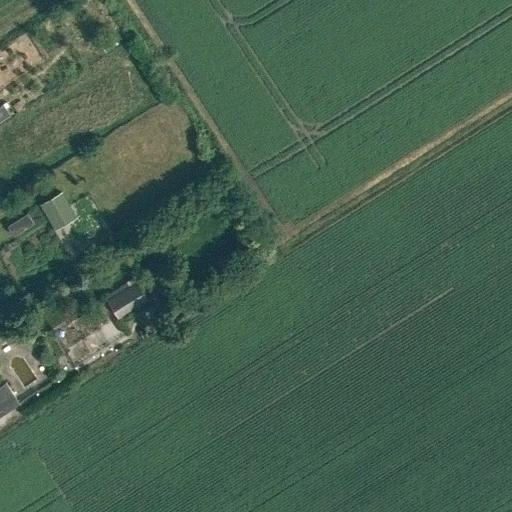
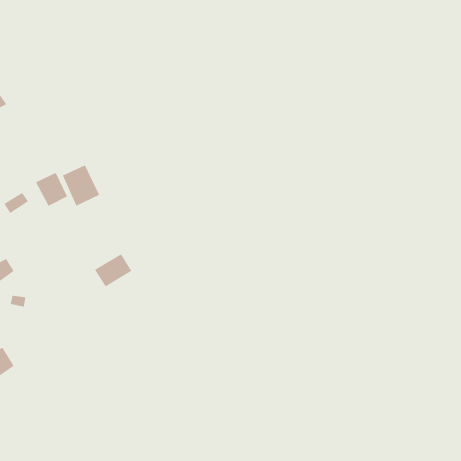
building: none -> [62,164,100,207]

